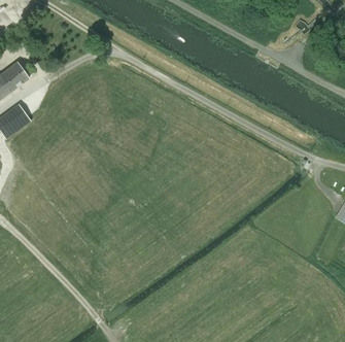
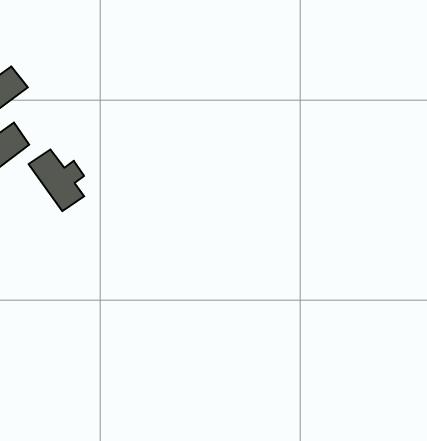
building: none -> [29,149,84,211]

